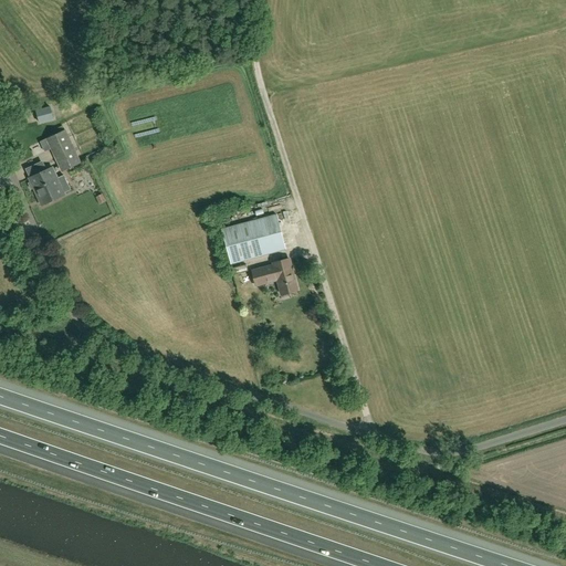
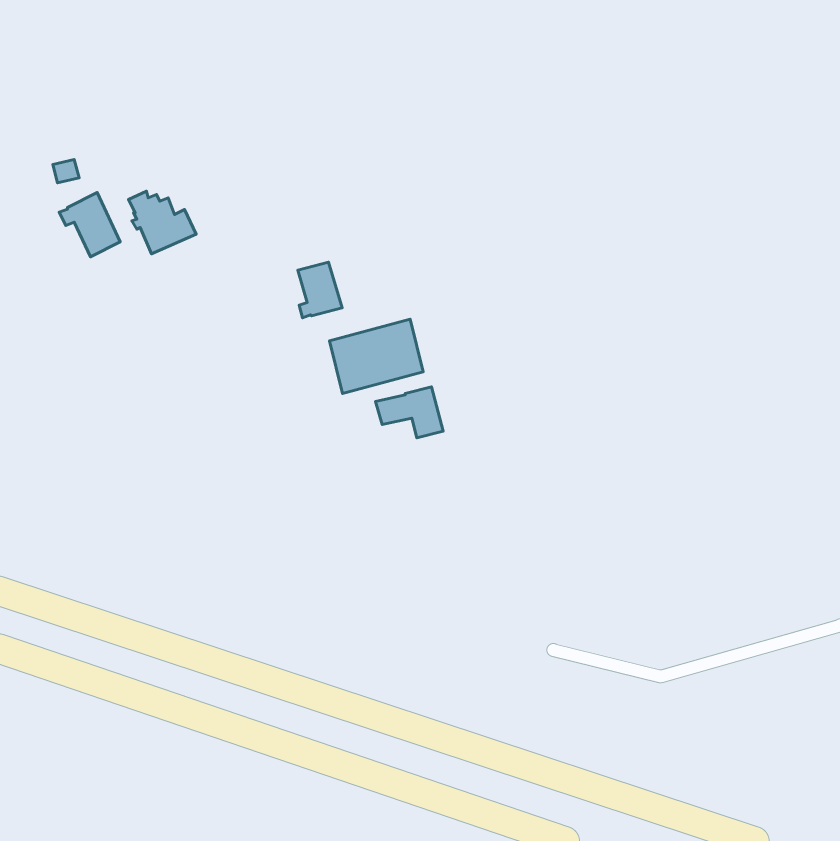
building: [25,164,71,206] -> [129,191,196,254]
building: none -> [298,262,342,318]

